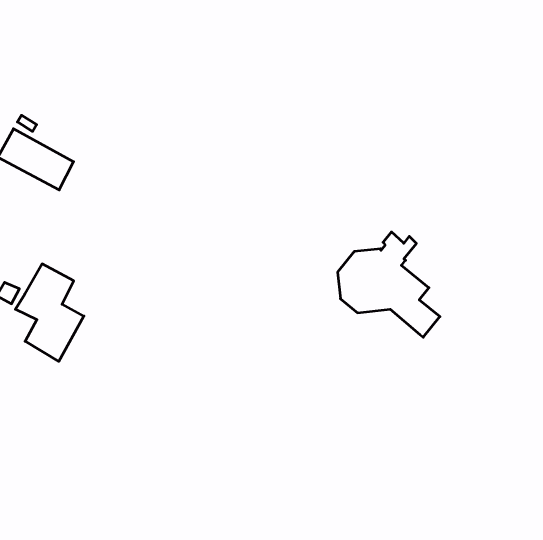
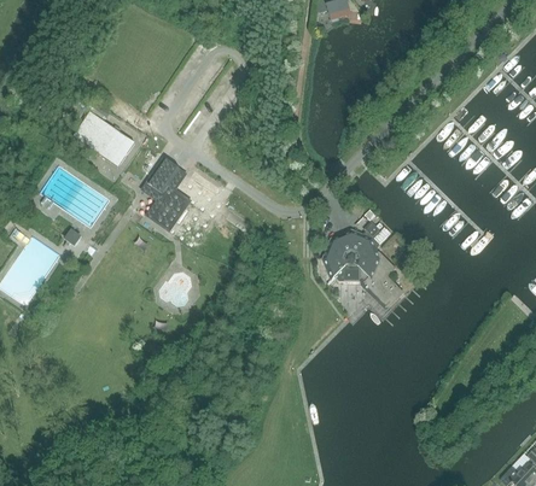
building: [15,264,84,361] -> [140,157,192,233]

